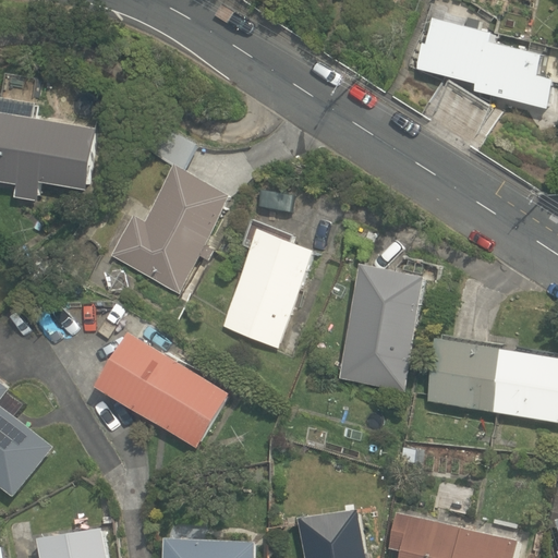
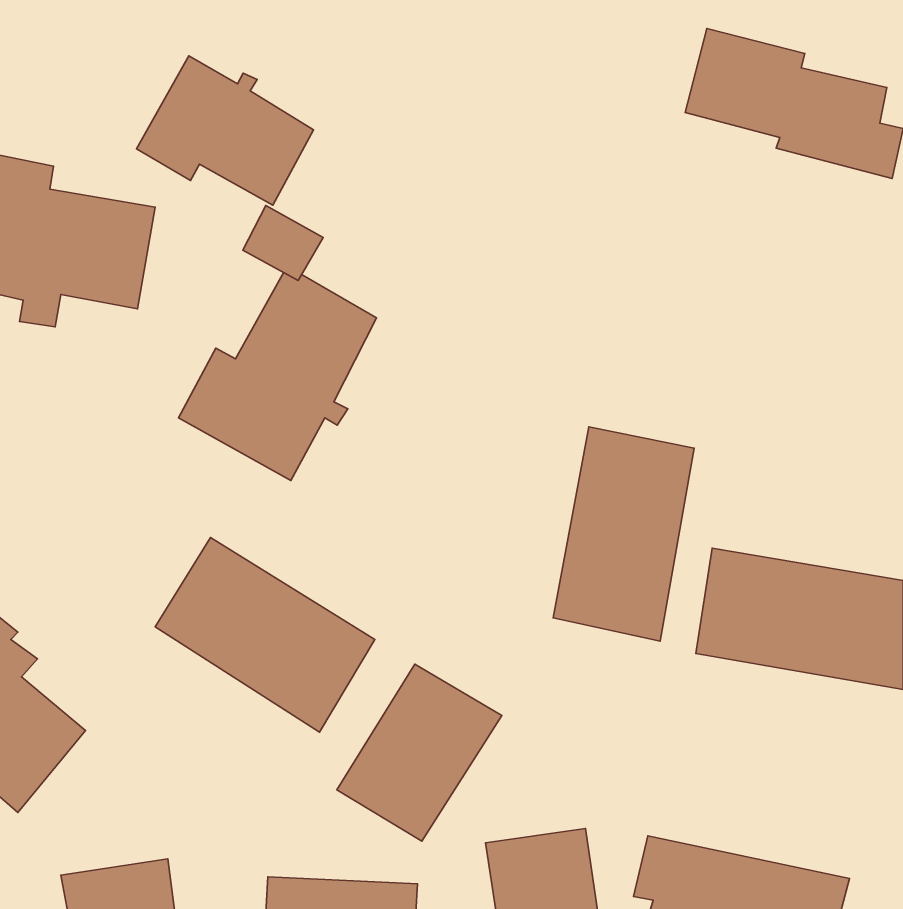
building: none -> [136,56,314,205]
building: [221,228,313,350] -> none
building: none -> [337,664,502,841]

